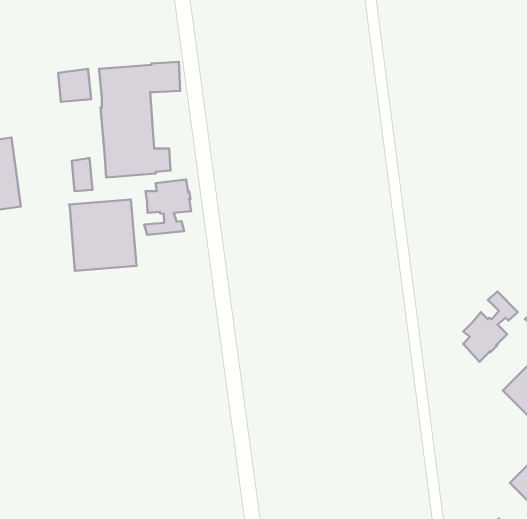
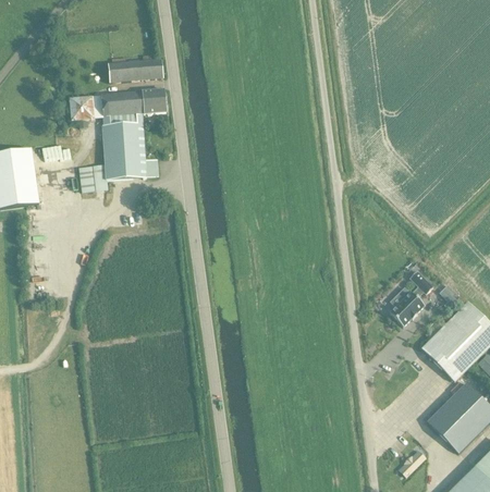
building: none -> [109,58,162,82]
building: [144,179,191,235] -> none
building: [69,200,137,271] -> none

